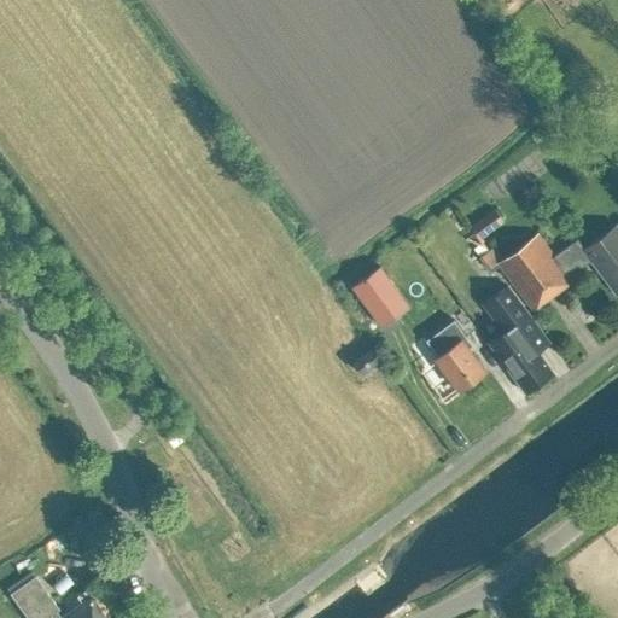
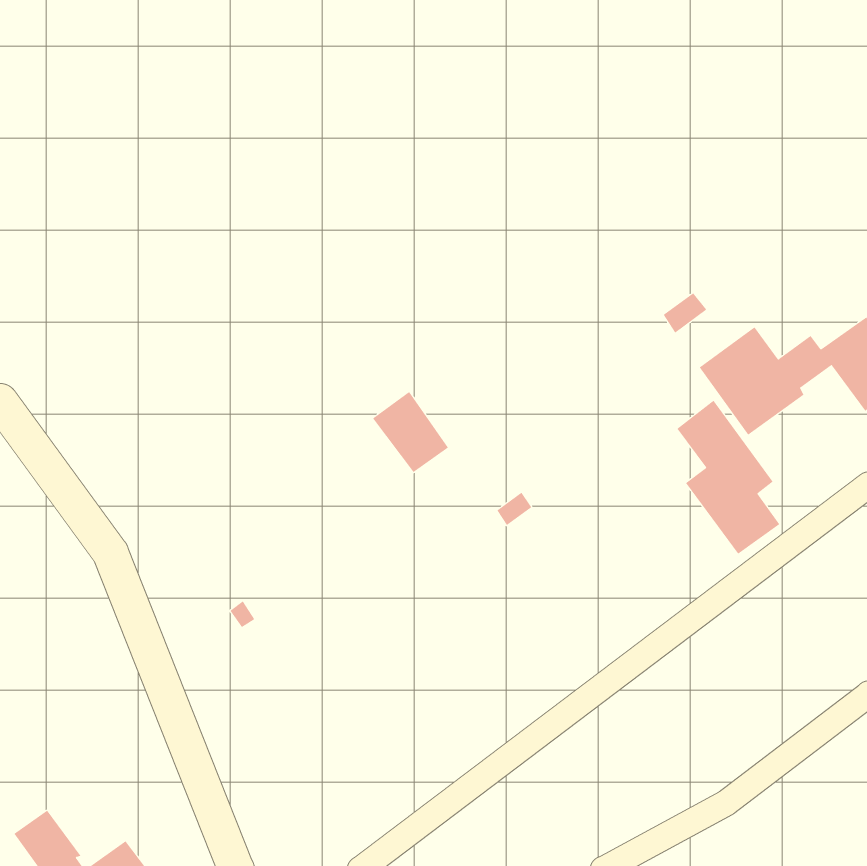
building: [351,264,406,322] -> [372,391,449,473]
building: [426,320,485,391] -> none

